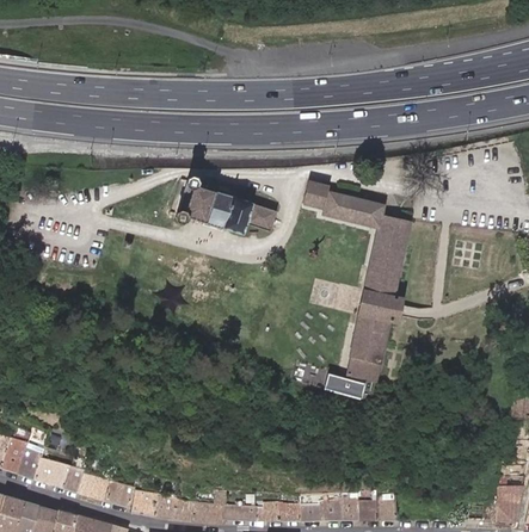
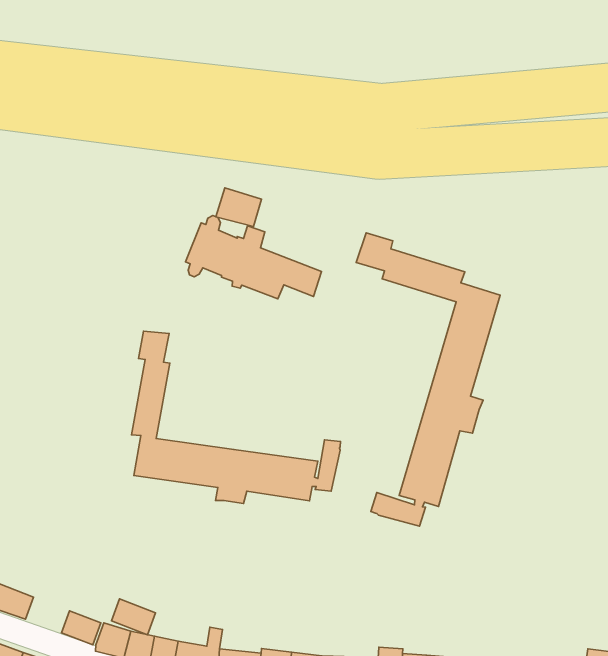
building: none -> [216,188,261,226]
building: none -> [131,331,341,504]
building: [76,475,109,500] -> [111,599,155,635]

